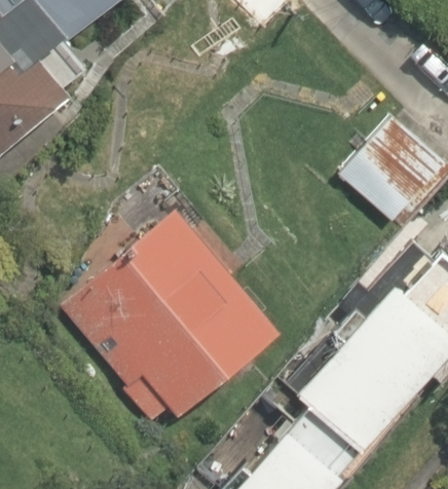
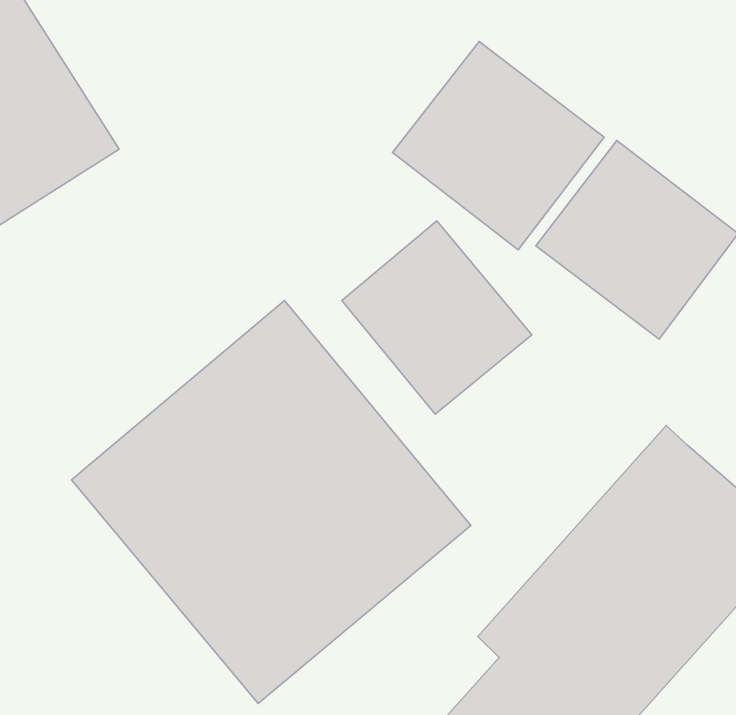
building: none -> [393,42,604,250]
building: none -> [342,221,532,414]

